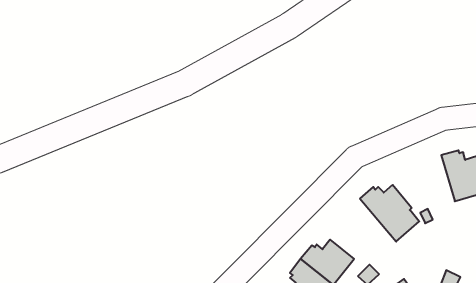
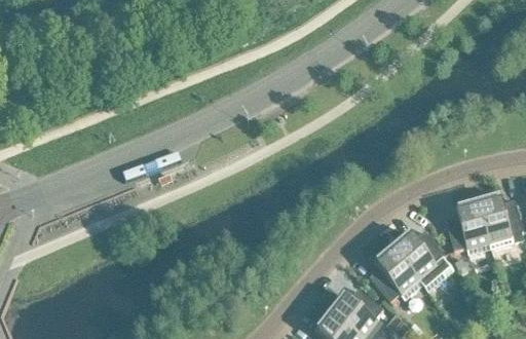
building: none -> [446,198,491,254]
building: none -> [370,244,422,301]

